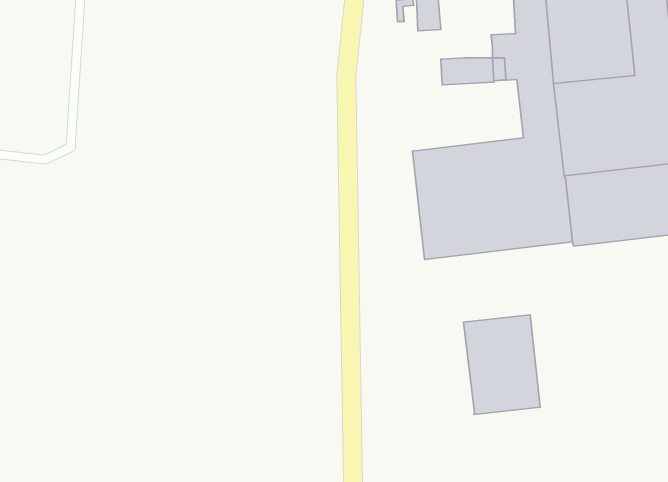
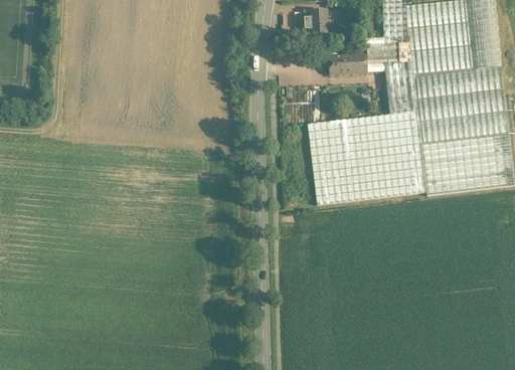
building: [464,315,540,414] -> none

